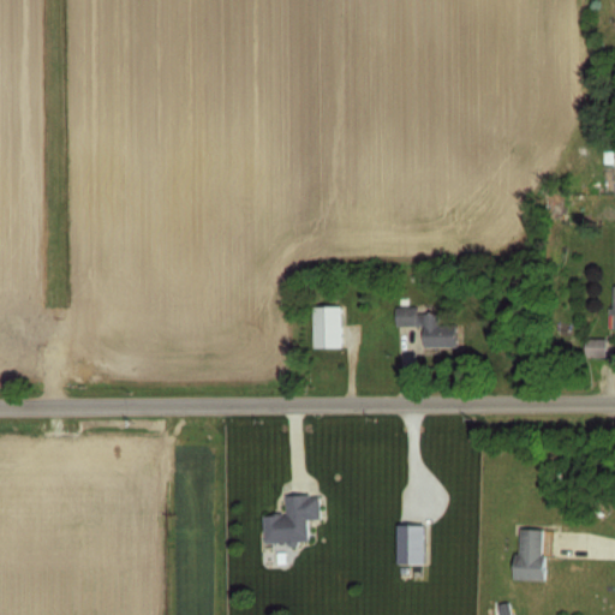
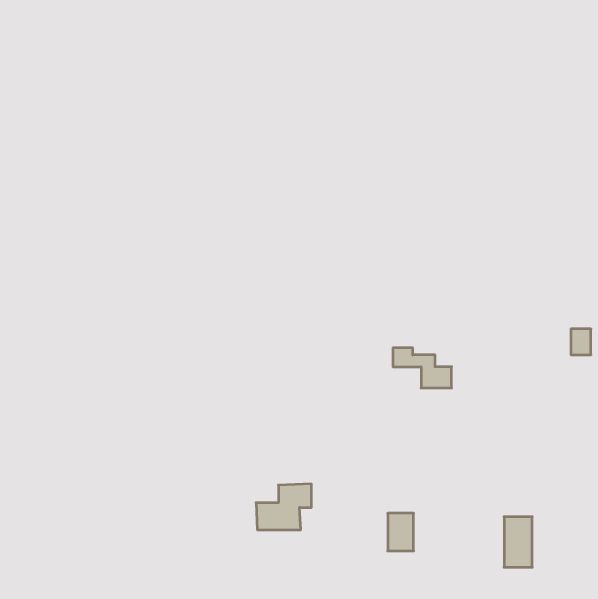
building: [311,306,341,348] -> none
building: [394,306,454,347] -> [393,348,452,388]

